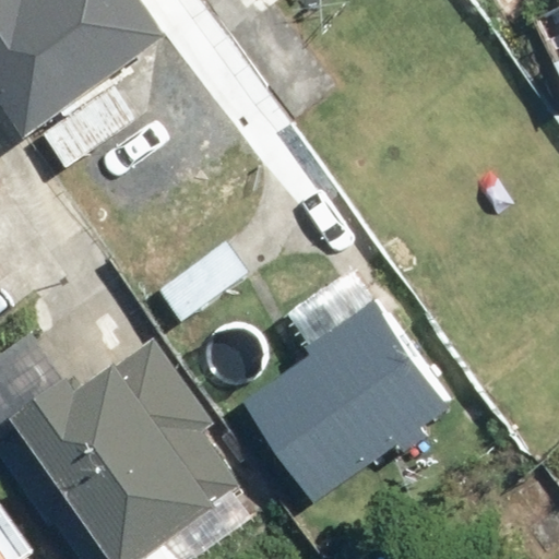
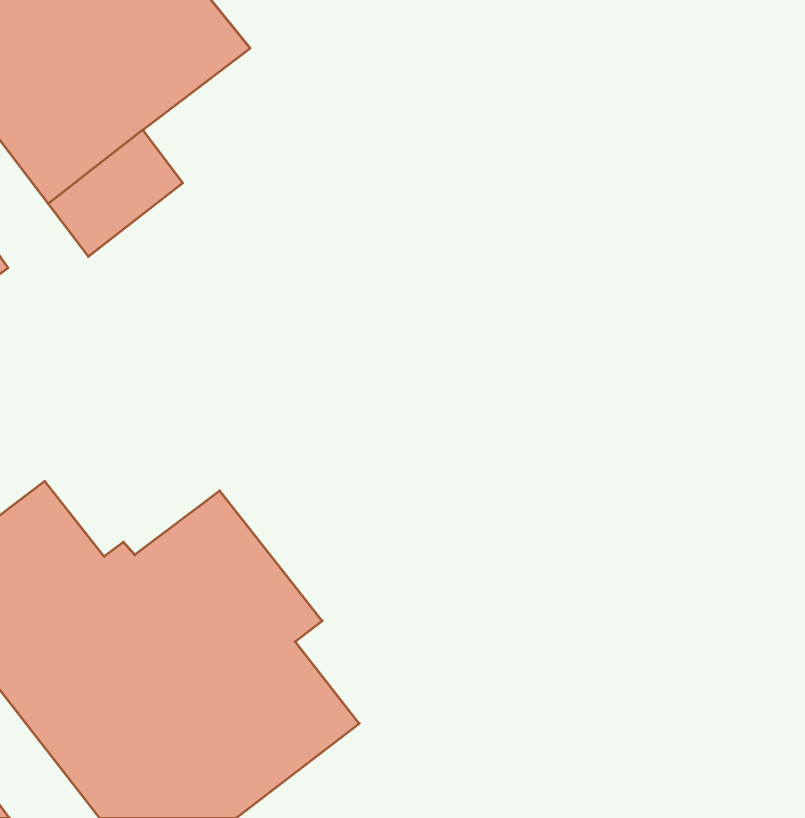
building: [241,298,450,502] -> none

